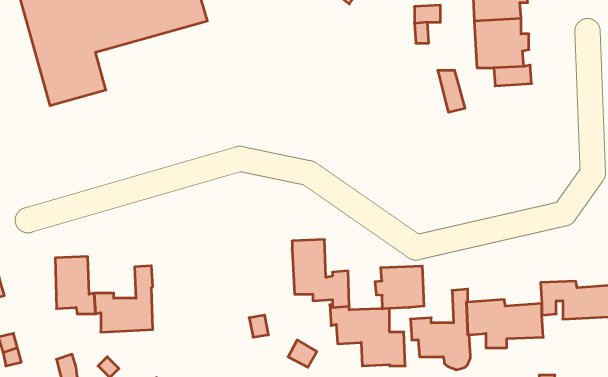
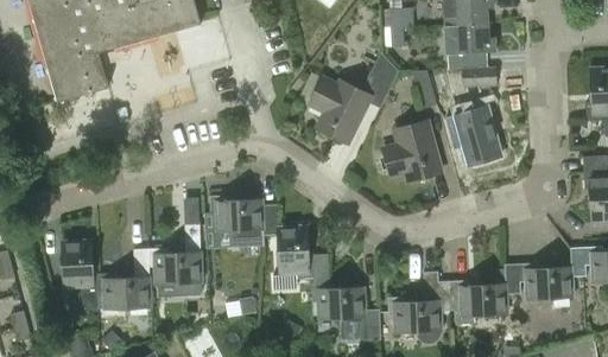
building: none -> [309,52,397,145]
building: none -> [454,108,498,165]
building: none -> [381,120,441,180]
building: none -> [210,196,278,247]
building: none -> [150,225,202,295]
building: [375,266,424,309] -> none

